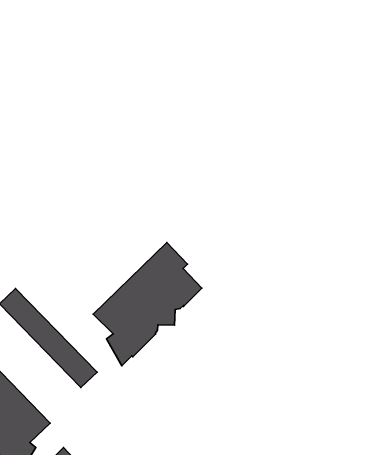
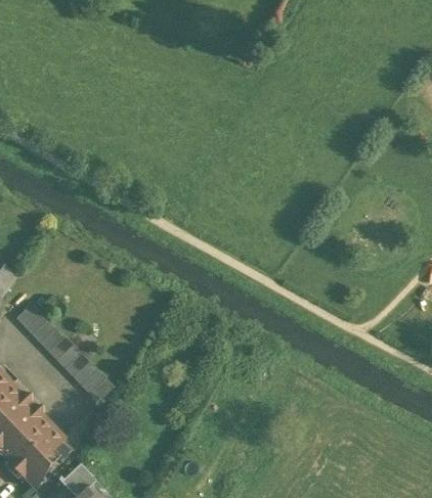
building: [93,242,202,366] -> none

